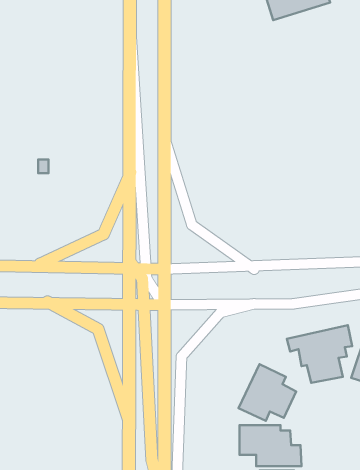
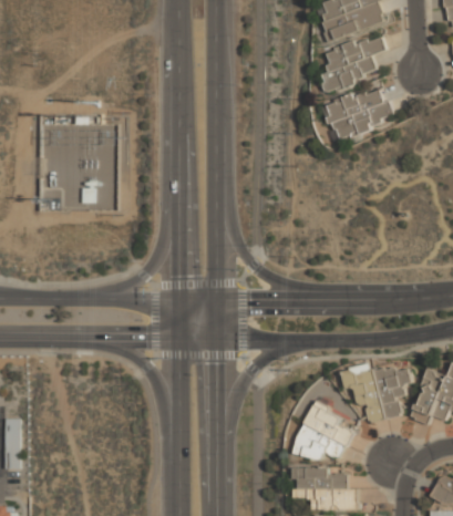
building: none -> [320,33,385,91]
building: none -> [323,86,394,142]

